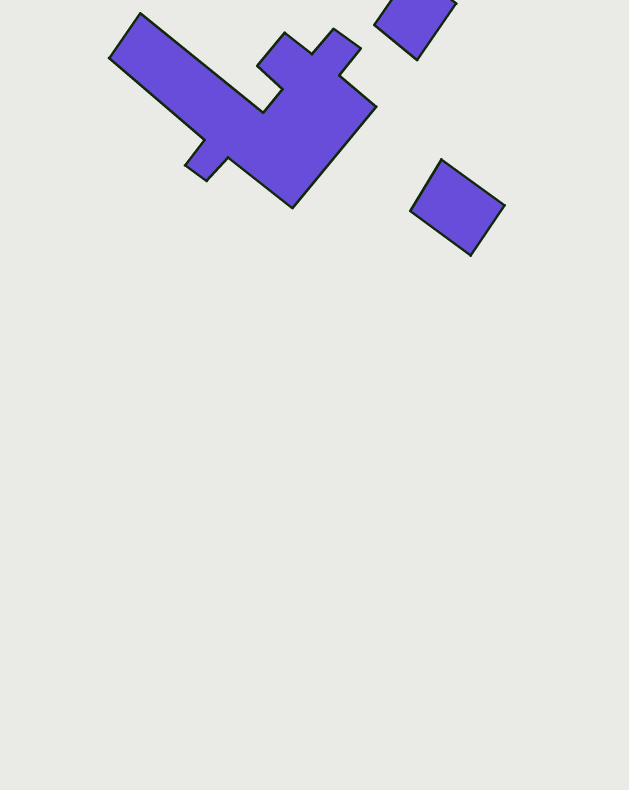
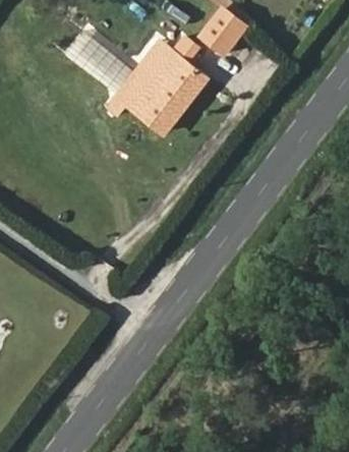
building: [410,159,505,256] -> none

